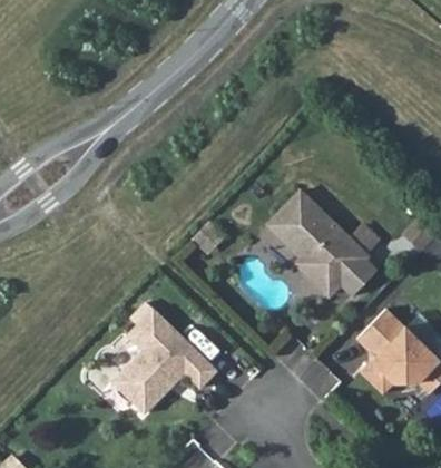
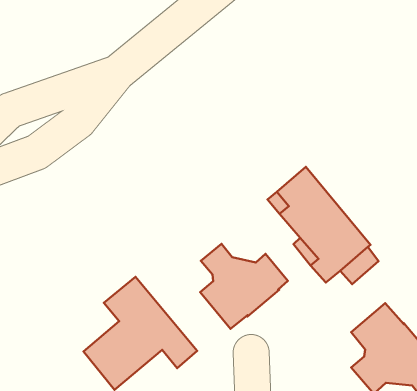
building: none -> [200,244,288,329]

